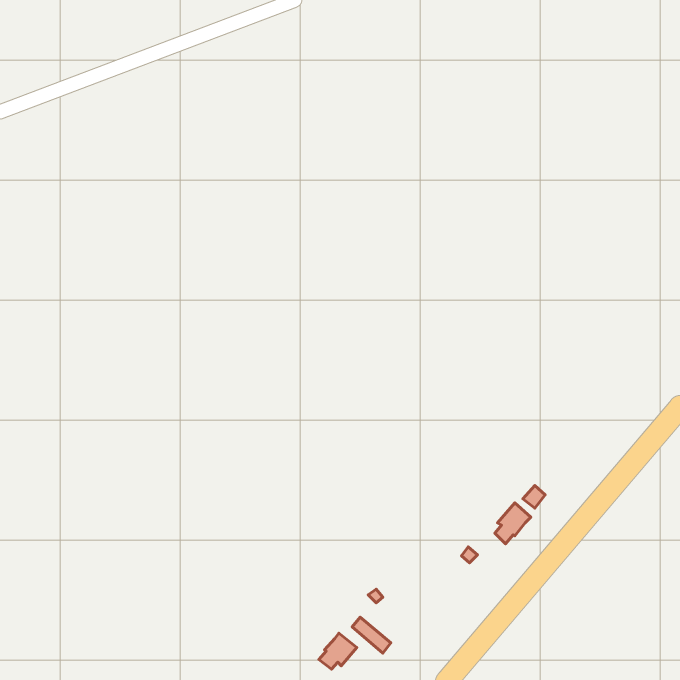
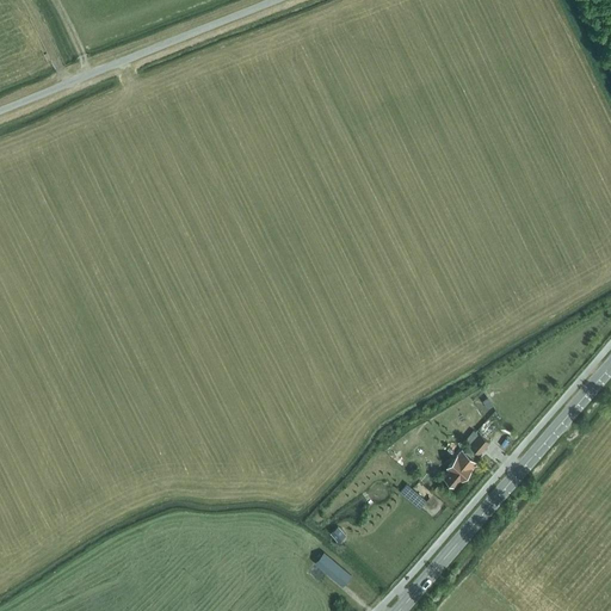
building: [319,633,357,669] -> none

